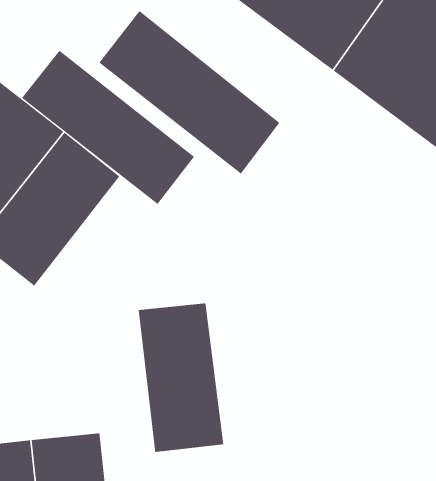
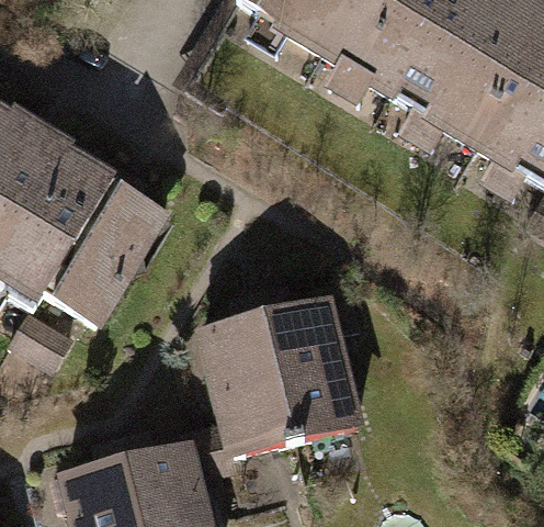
building: [99,10,280,175] -> none
building: [21,50,195,205] -> none
building: none -> [270,301,365,446]

